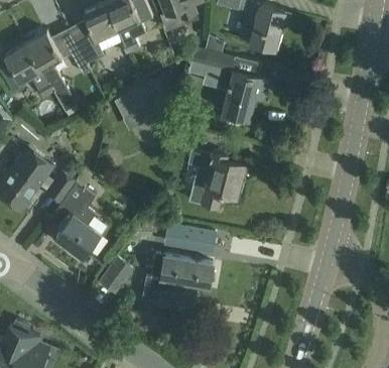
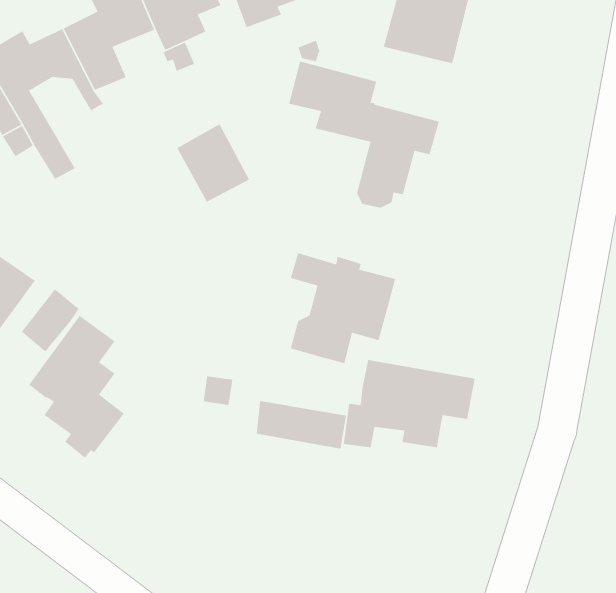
building: [145,255,216,302] -> [343,359,476,448]
building: [99,257,135,294] -> none

